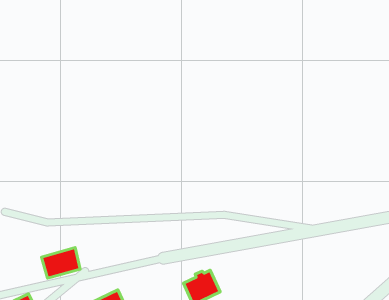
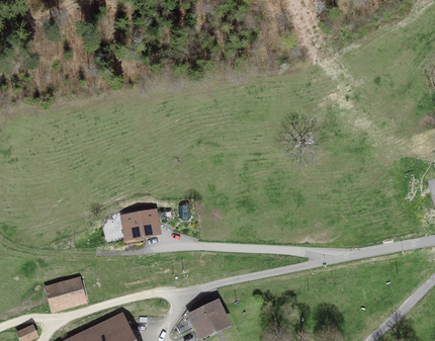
building: none -> [122,209,159,238]

